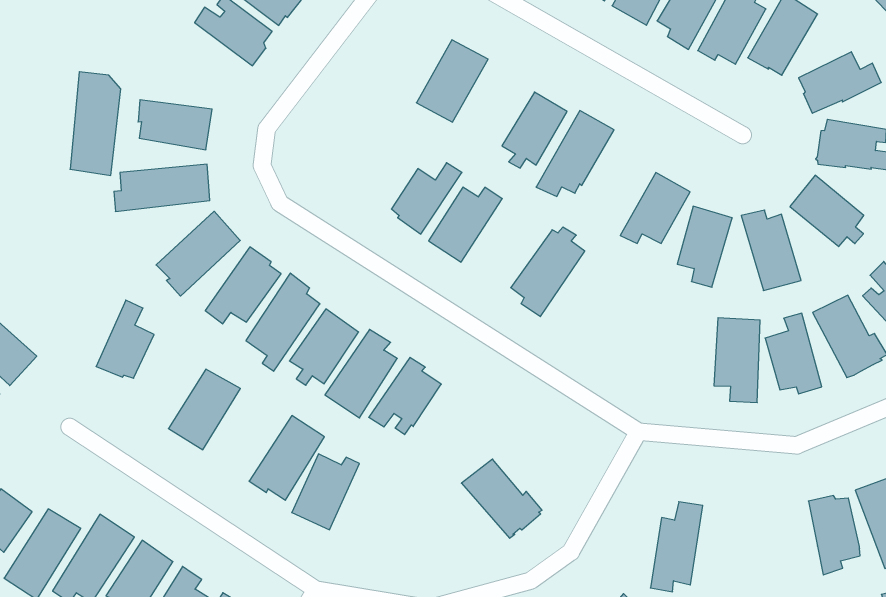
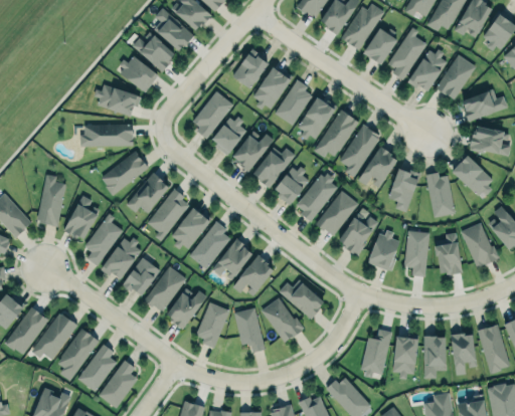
building: none -> [232,46,270,87]
building: none -> [119,54,158,91]
building: none -> [275,80,314,125]
building: [70,72,121,175] -> [35,170,66,228]
building: none -> [191,91,233,137]
building: none -> [339,123,380,177]
building: none -> [210,116,248,155]
building: none -> [275,166,309,205]
building: none -> [316,189,359,235]
building: none -> [339,211,378,254]
building: none -> [368,229,399,270]
building: none -> [84,212,124,265]
building: none -> [234,255,274,292]
building: none -> [124,257,160,296]
building: none -> [280,279,326,319]
building: none -> [195,301,229,347]
building: none -> [234,307,266,353]
building: none -> [424,336,447,377]
building: none -> [392,336,418,379]

